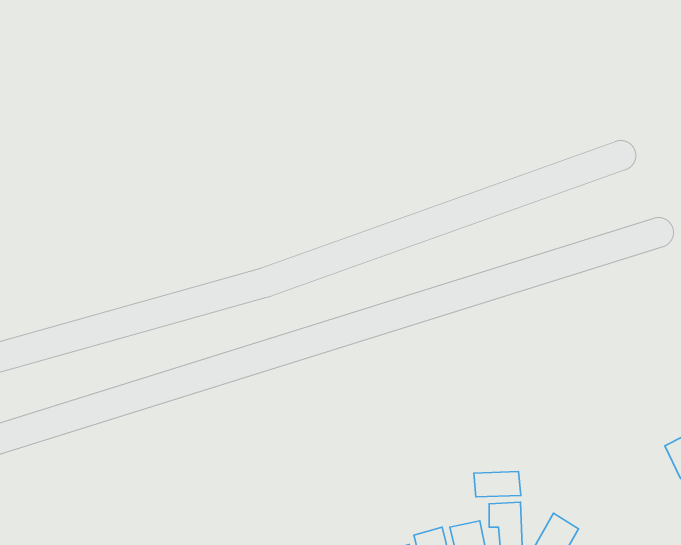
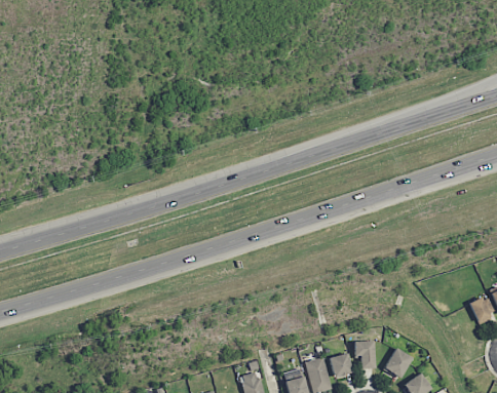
building: [474,471,521,497] -> none

